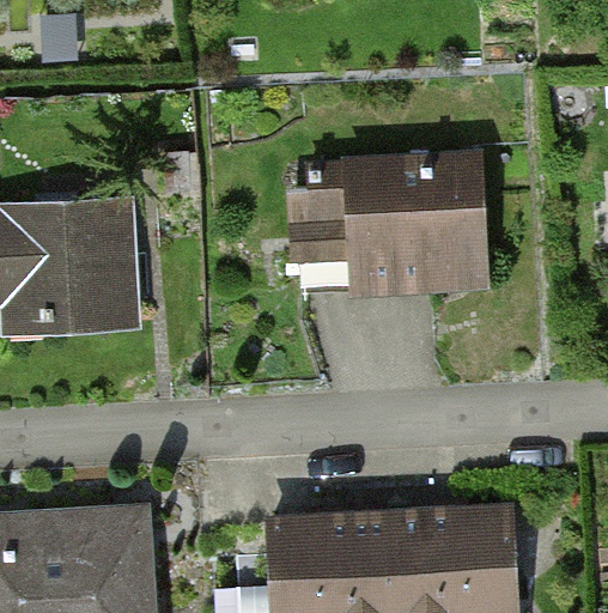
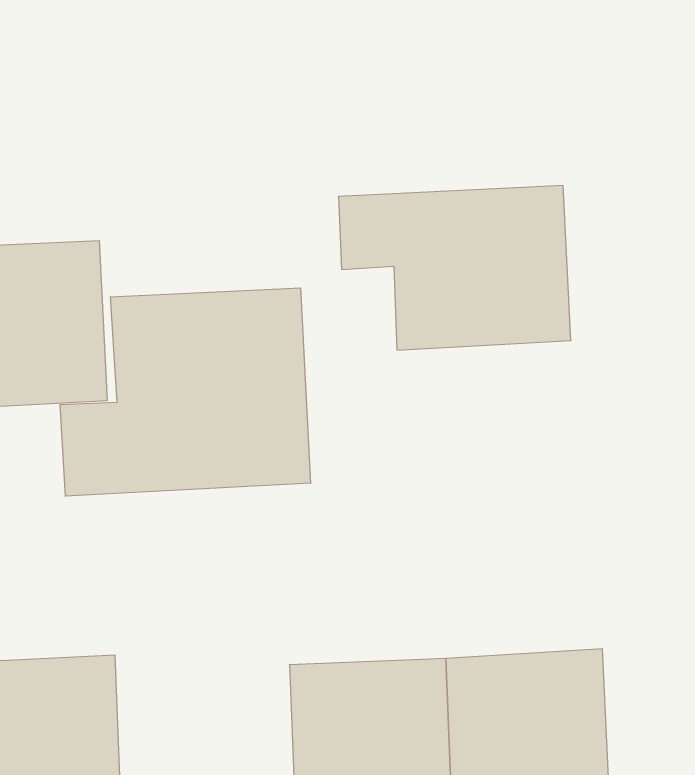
building: none -> [60,288,311,496]

